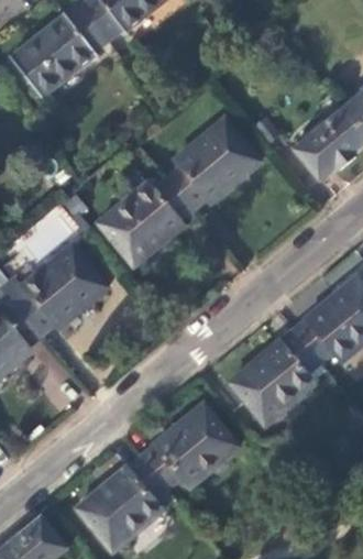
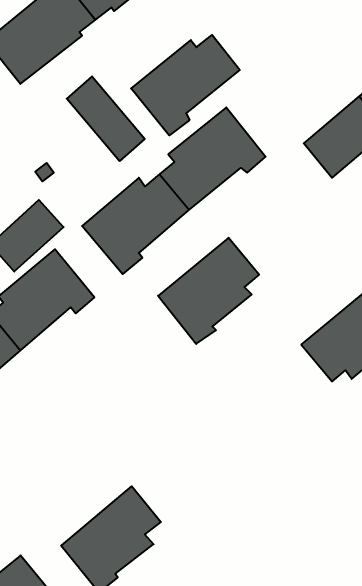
building: none -> [131,35,240,135]
building: none -> [67,76,145,161]
building: [230,329,320,424] -> [158,238,259,344]
building: [141,404,239,487] -> none

